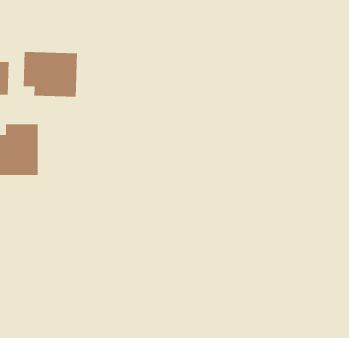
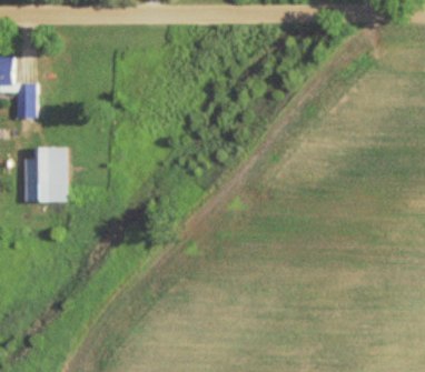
building: [23,51,78,97] -> none

